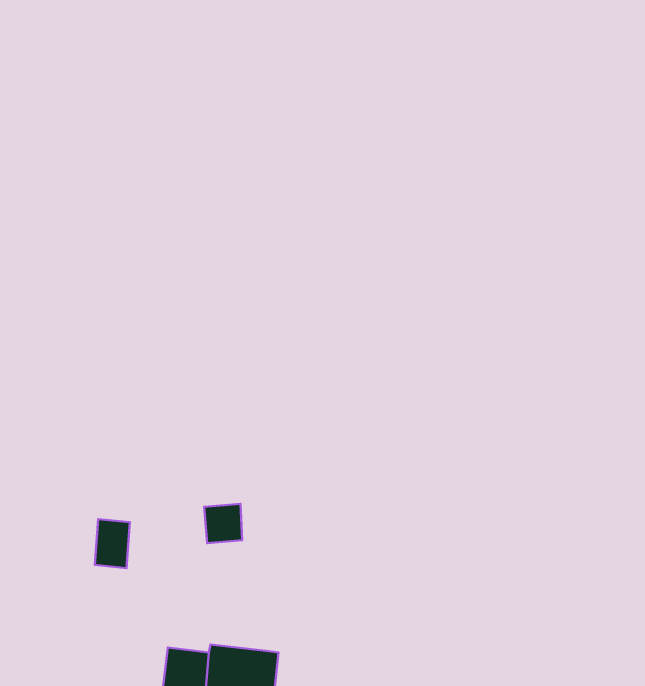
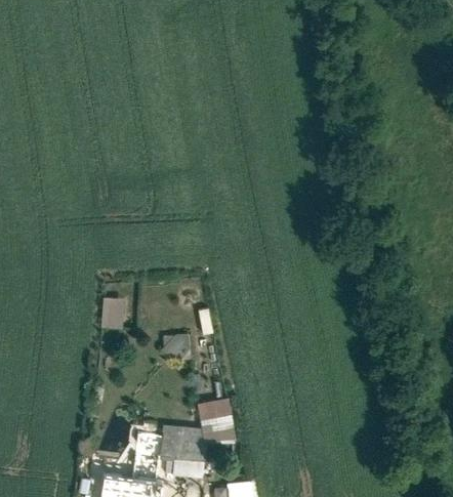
building: [95,519,130,568] -> [102,298,125,330]
building: none -> [198,399,232,430]

